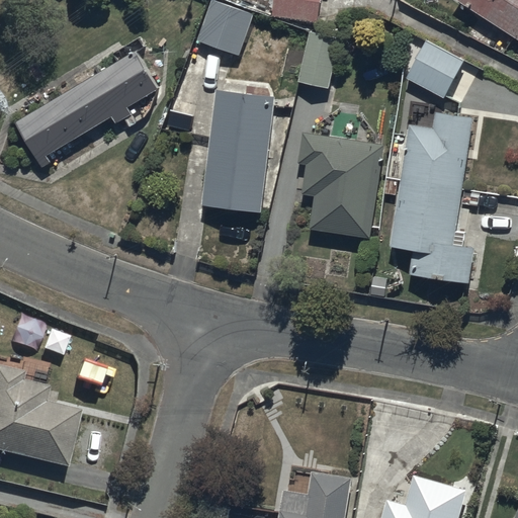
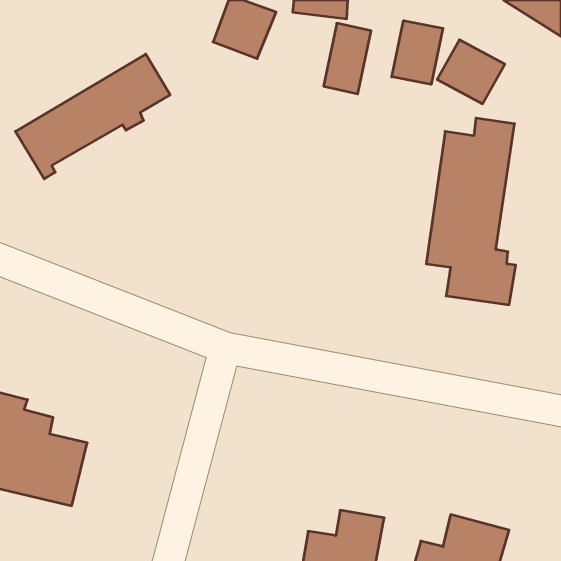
building: none -> [392,21,443,84]
building: [202,88,275,211] -> none
building: [298,132,384,238] -> none

